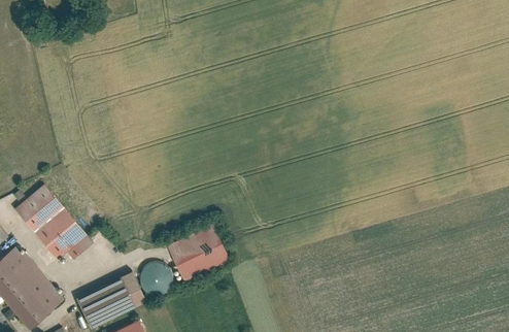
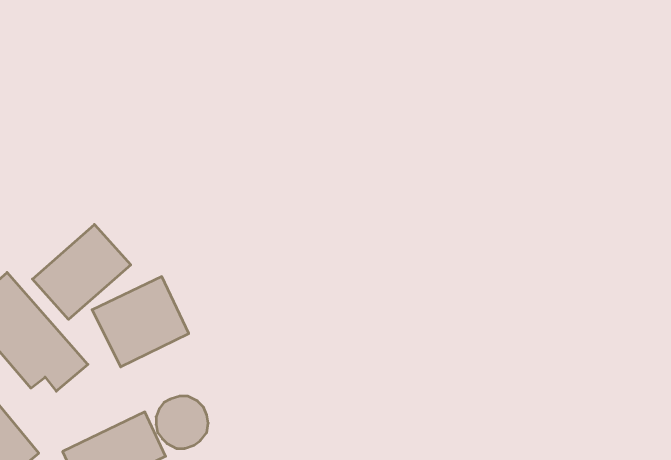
building: none -> [32,224,131,319]
building: [167,224,230,283] -> [92,277,189,367]

